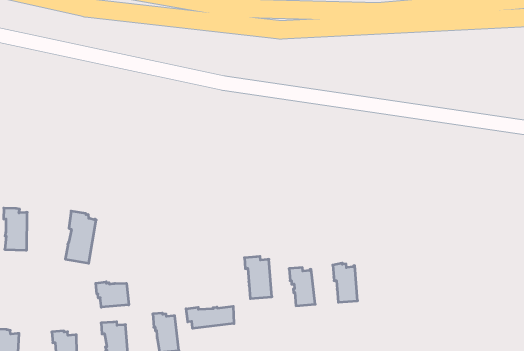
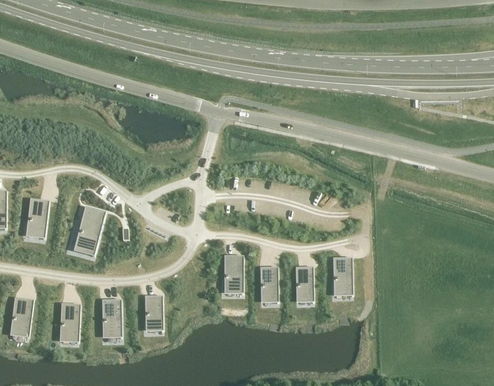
building: none -> [332,259,352,294]
building: [96,282,129,307] -> none
building: [186,306,234,328] -> none

